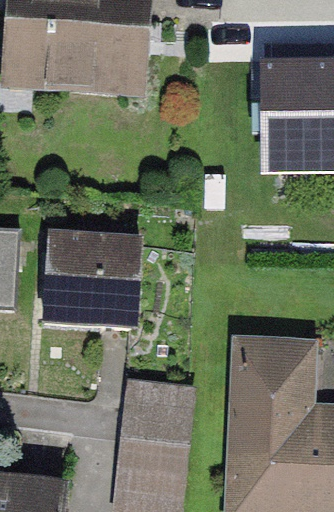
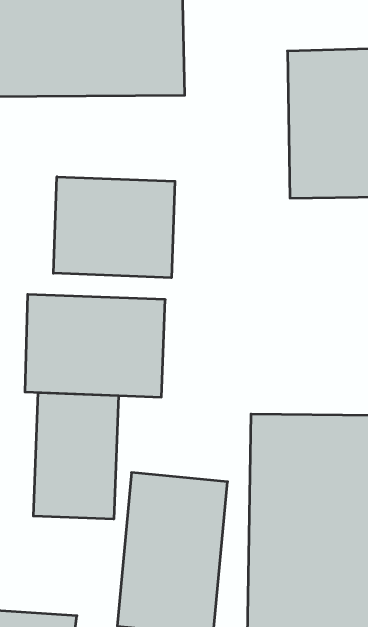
building: none -> [53,177,175,278]
building: none -> [33,393,118,519]

